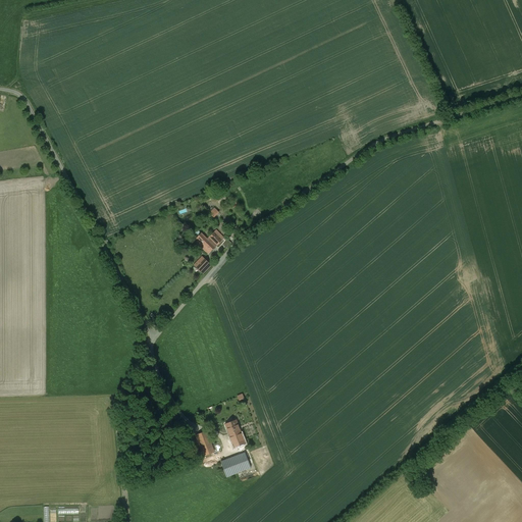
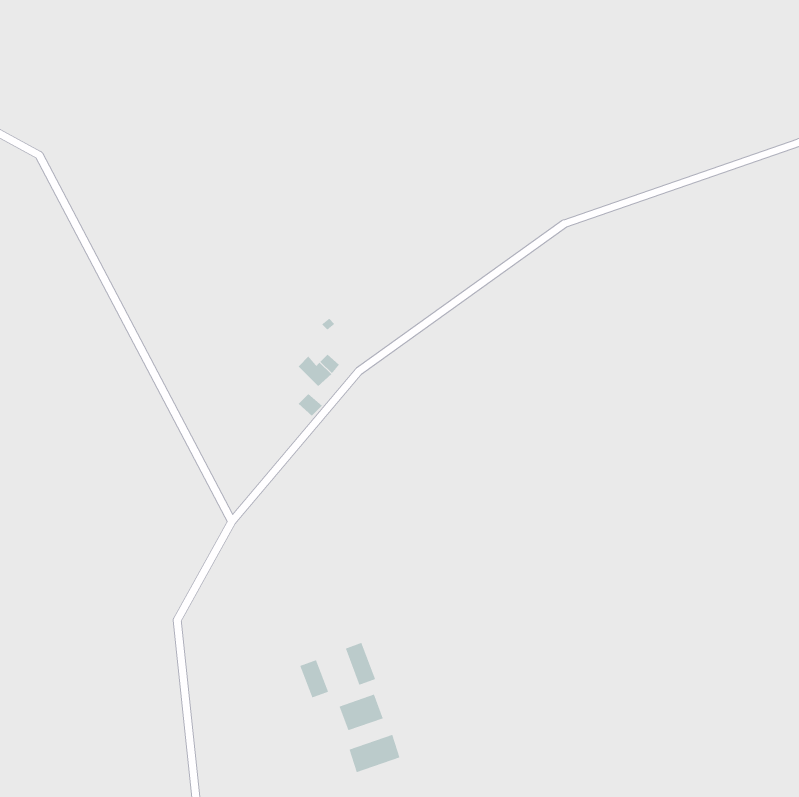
building: none -> [349,734,400,773]

